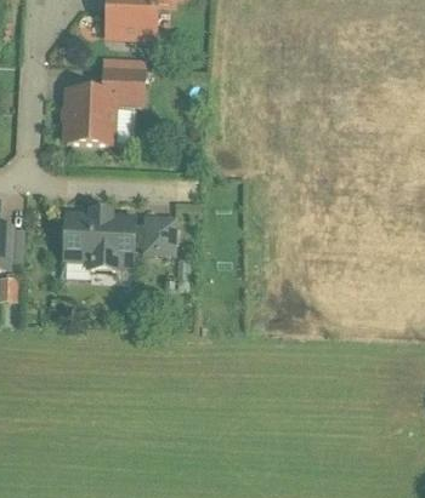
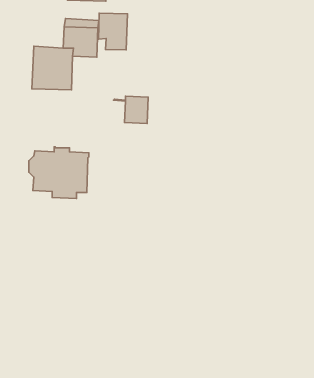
building: none -> [98,13,127,50]
building: [132,217,174,250] -> [113,96,148,124]

